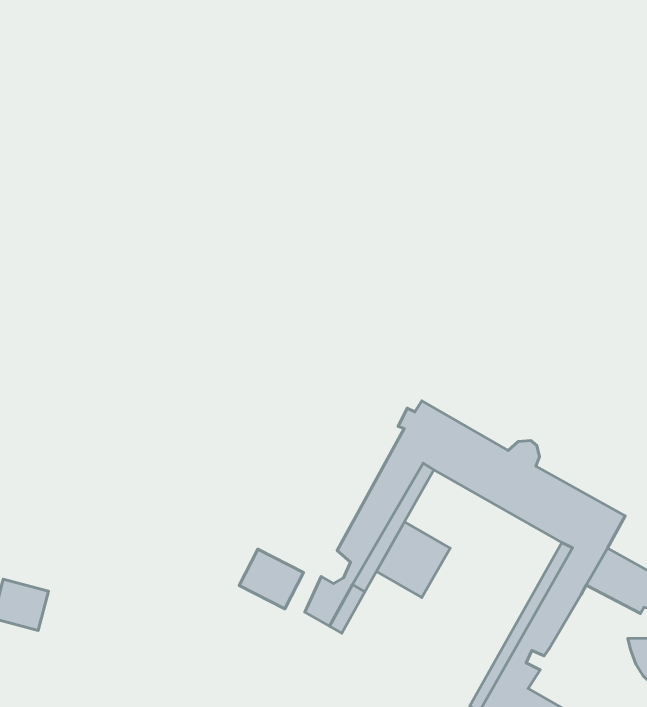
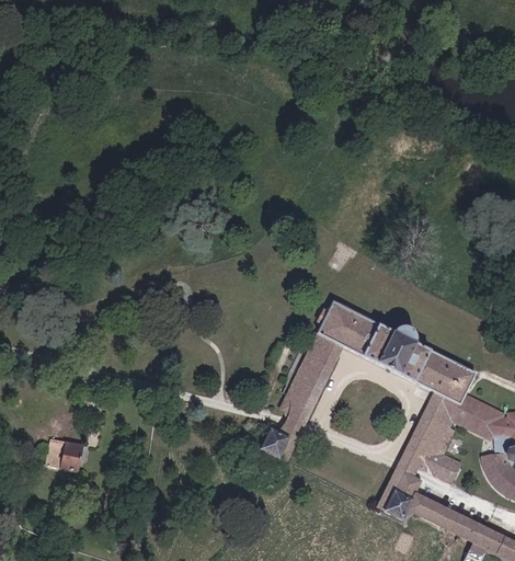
building: [376,522,450,598] -> none
building: [239,549,304,609] -> none
building: none -> [431,427,464,482]

